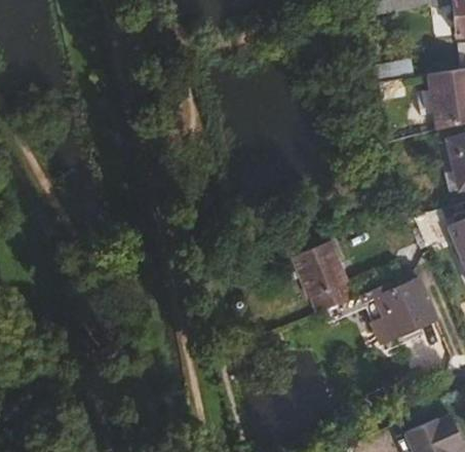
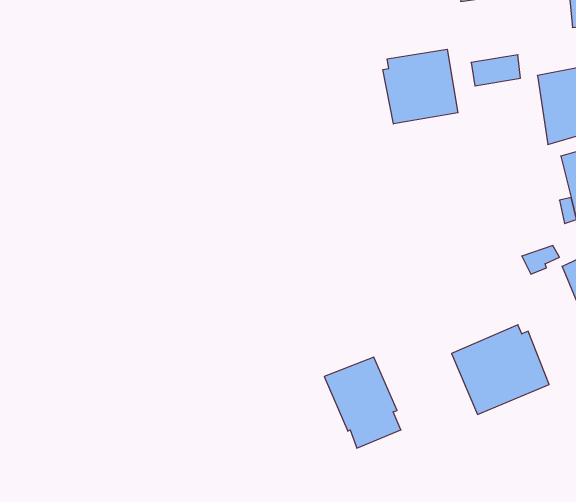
building: none -> [383,49,458,124]
building: [292,240,352,312] -> [324,357,401,448]

